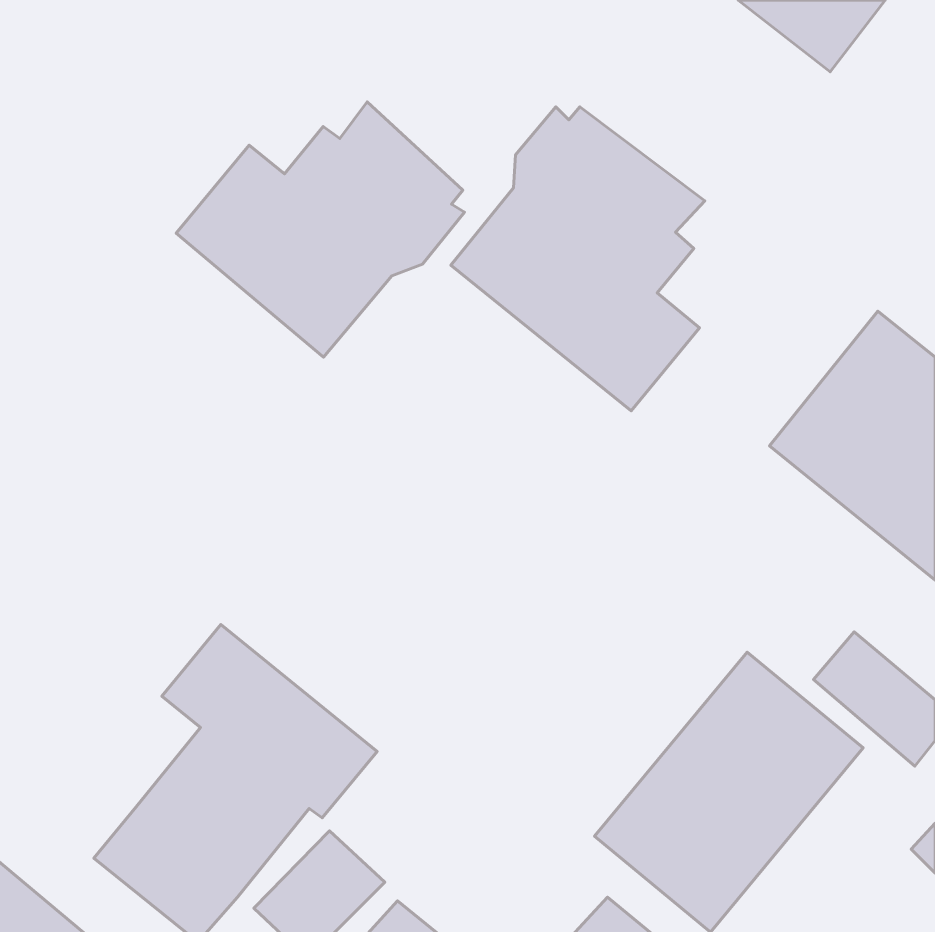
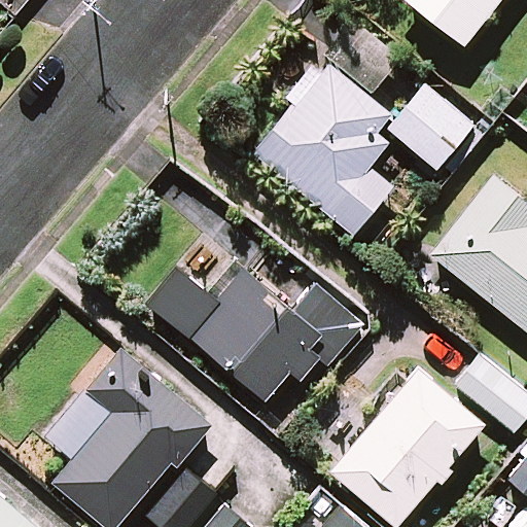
building: [176,102,465,357] -> none
building: none -> [389,87,472,170]
building: none -> [148,261,361,399]

